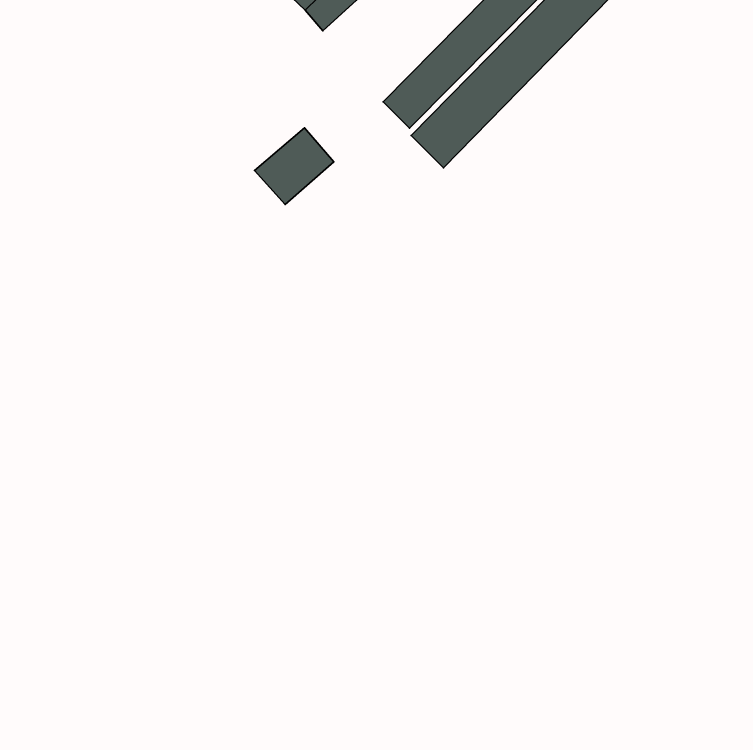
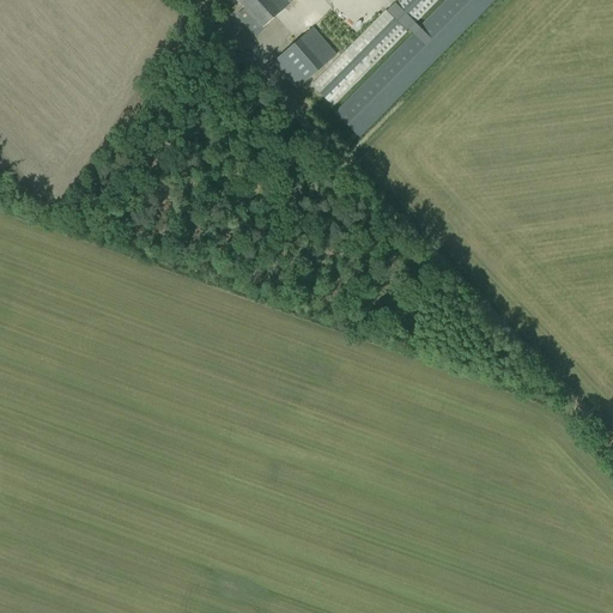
building: [254,128,334,204] -> [272,25,336,87]

